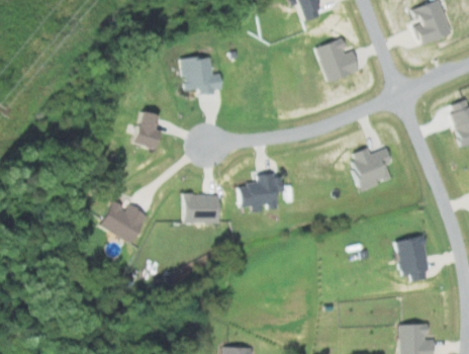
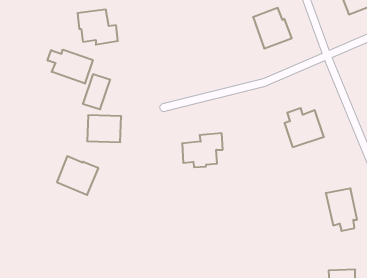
building: [180,56,224,94] -> [77,10,118,45]
building: none -> [48,50,93,84]
building: [182,194,219,224] -> [87,115,121,142]

